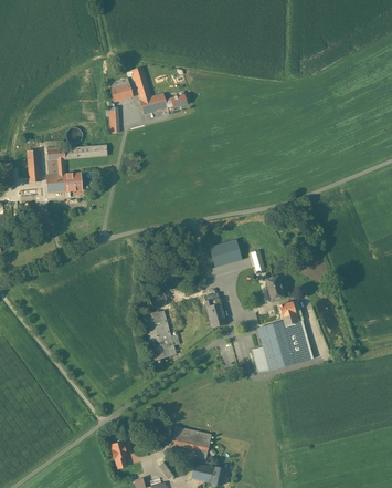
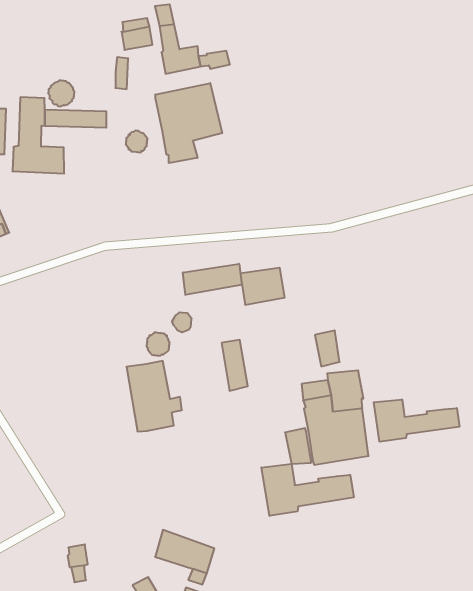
building: none -> [155,83,222,163]
building: none -> [183,264,242,295]
building: none -> [374,399,459,442]
building: none -> [261,464,354,516]

